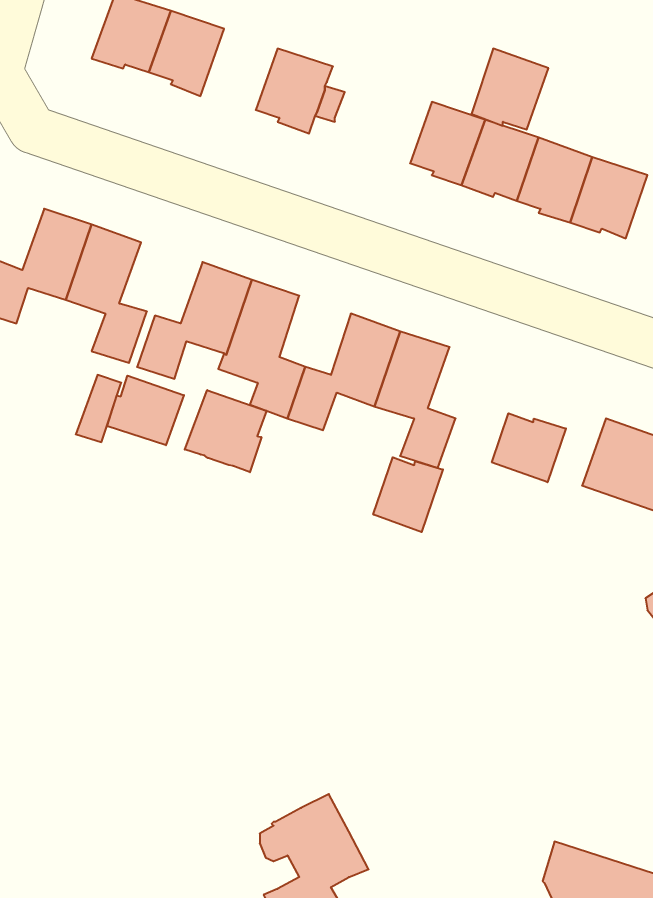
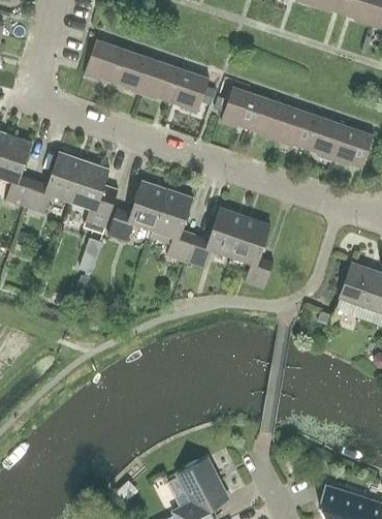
building: none -> [140,59,181,101]
building: [471,49,548,130] -> [221,87,261,129]
building: [107,376,184,445] -> none
building: [185,390,267,472] -> none
building: [492,413,566,482] -> none
building: [373,457,443,532] -> none

